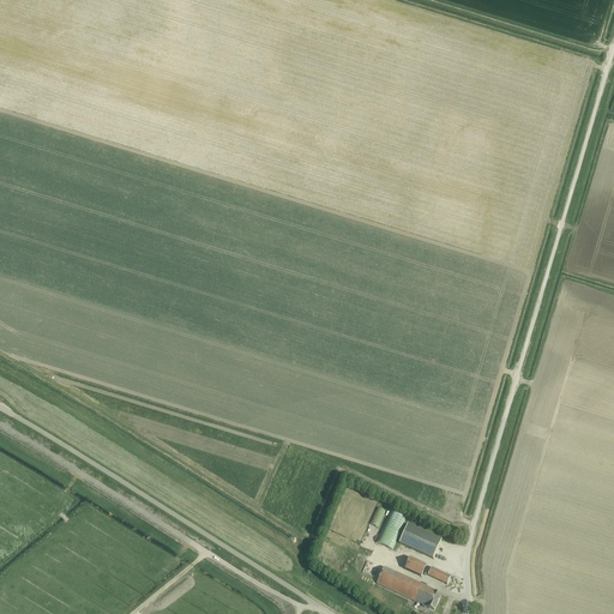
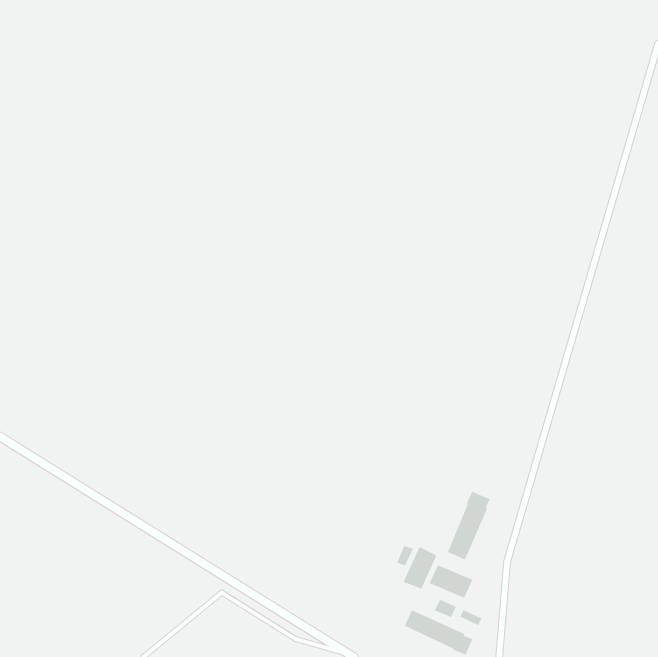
building: none -> [447,491,491,560]

